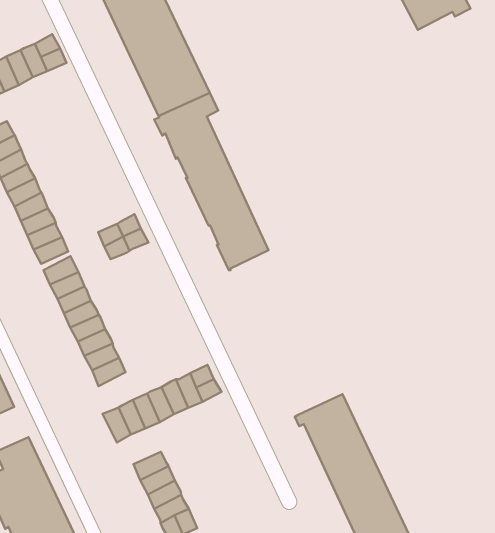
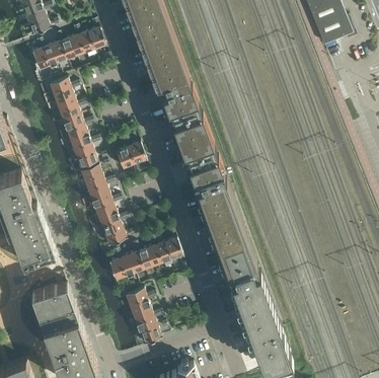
building: none -> [191,171,255,275]

